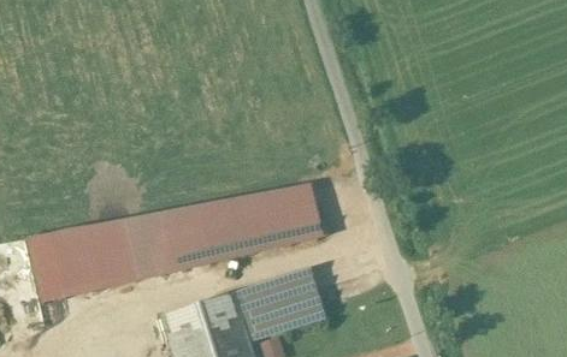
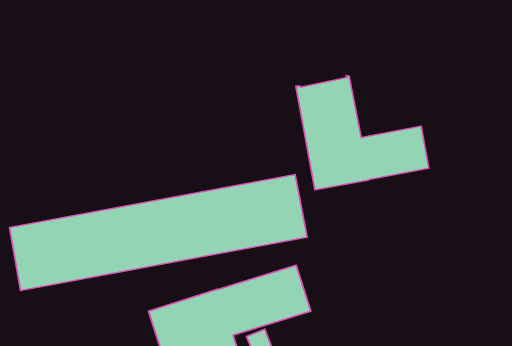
building: none -> [296,76,429,190]

